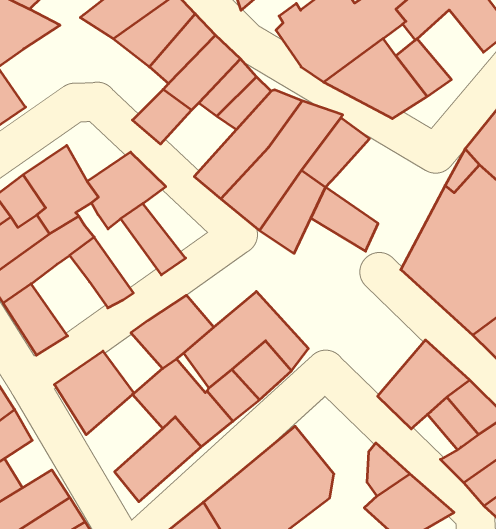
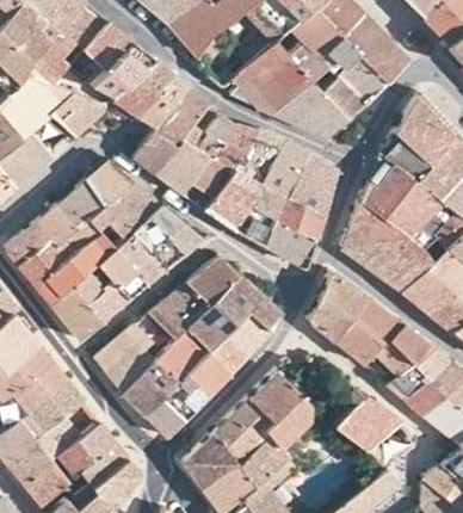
building: none -> [338,52,388,104]
building: none -> [48,94,106,137]
building: none -> [156,141,211,196]
building: none -> [87,162,135,208]
building: none -> [282,154,339,216]
building: none -> [148,205,203,256]
building: none -> [264,217,316,267]
building: none -> [115,233,167,286]
building: none -> [72,271,130,323]
building: none -> [187,258,239,305]
building: none -> [311,271,368,344]
building: none -> [124,361,180,420]

